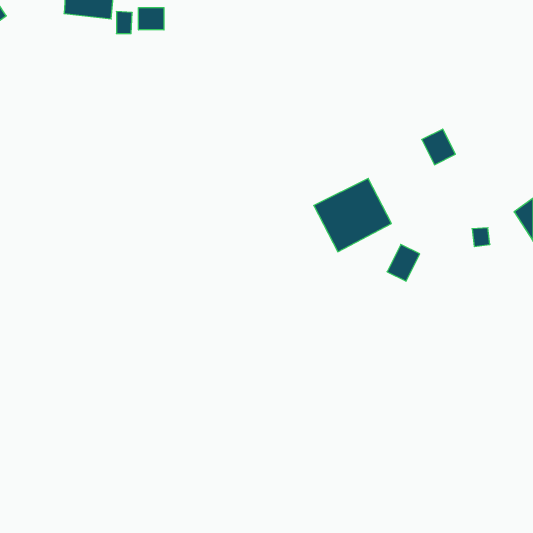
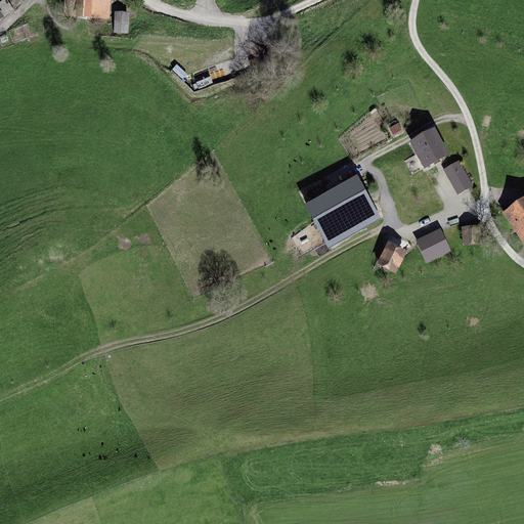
building: [139,8,164,30] -> none
building: none -> [442,159,468,189]
building: none -> [413,226,447,259]

